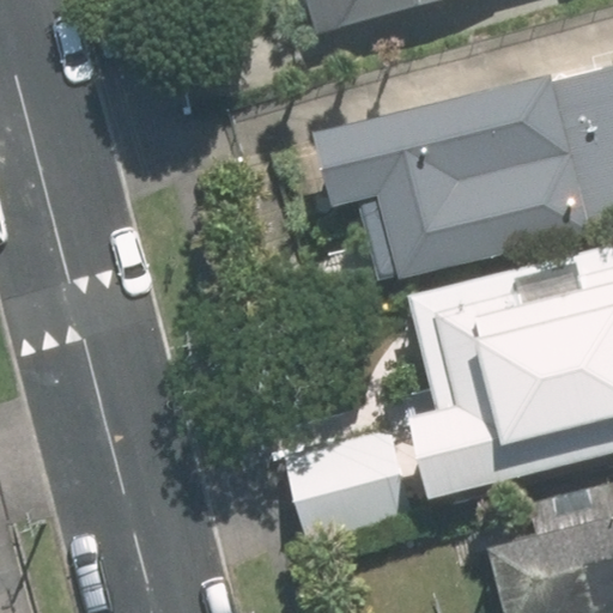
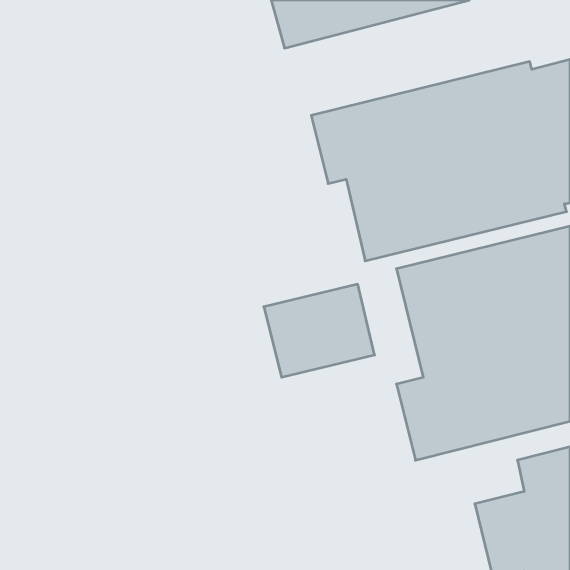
building: [291,432,409,532] -> [264,284,375,377]

